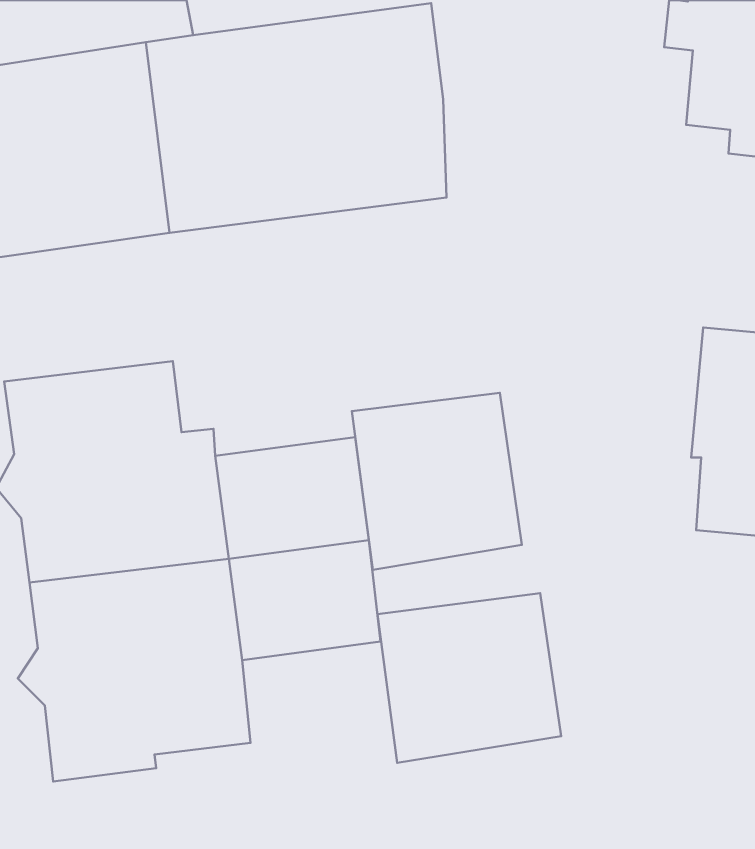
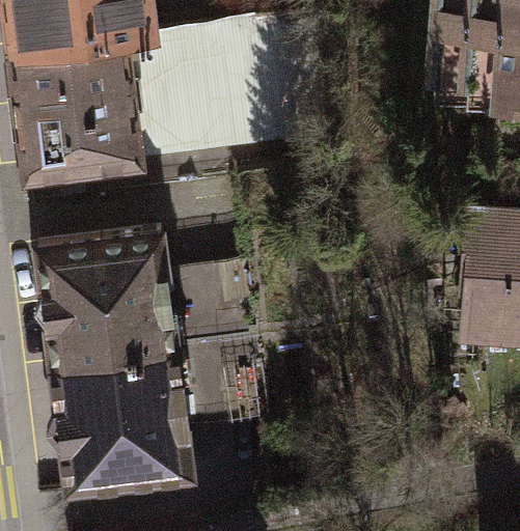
building: [352,393,522,570] -> none
building: [377,593,561,763] -> none

